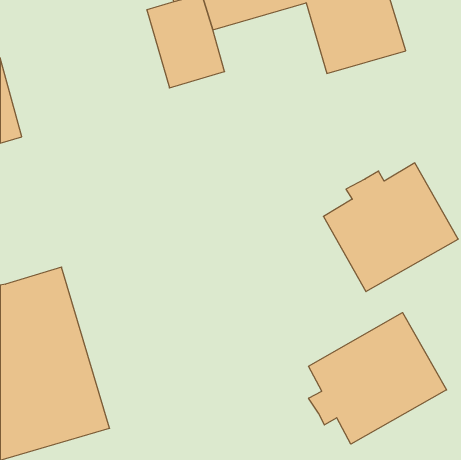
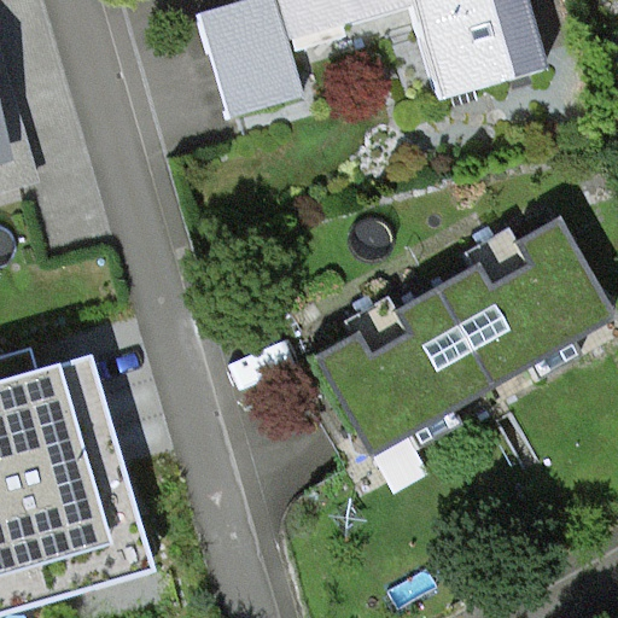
building: none -> [310,288,490,435]
building: [309,313,447,444] -> none

